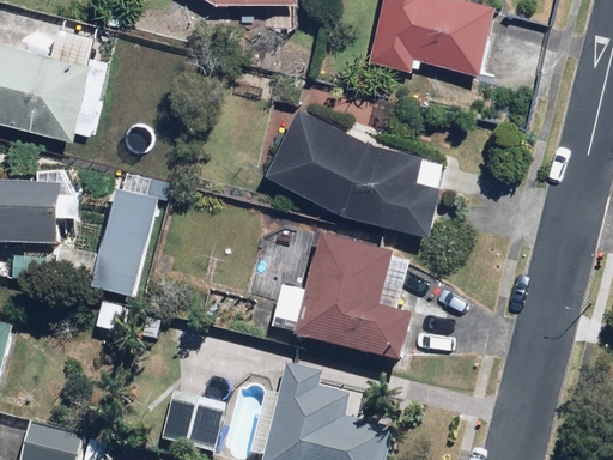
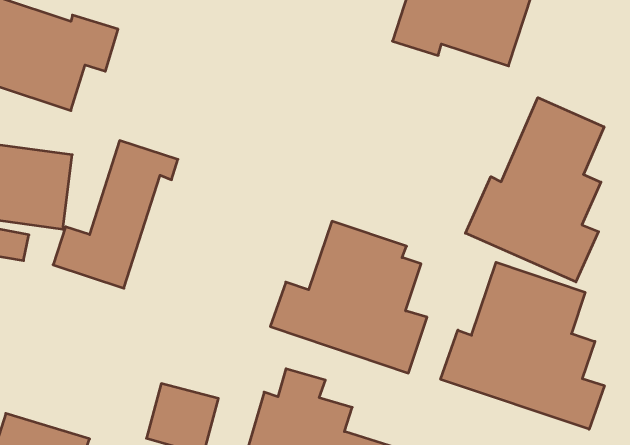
building: [263,105,449,240] -> none
building: none -> [465,98,604,282]
building: none -> [441,262,604,429]

